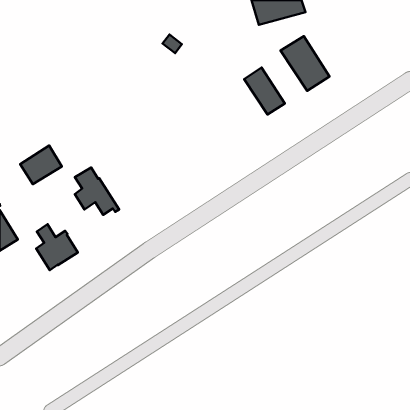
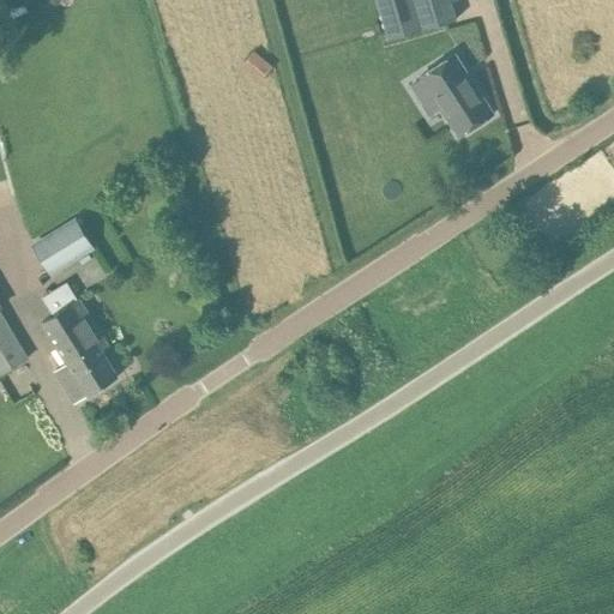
building: [244,67,285,114] -> none
building: [75,168,119,215] -> [41,284,107,355]

